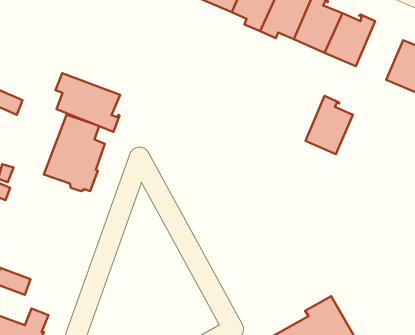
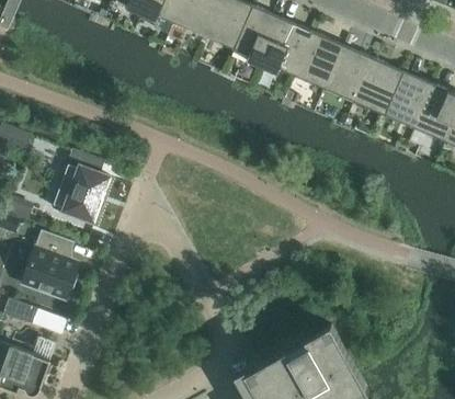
building: [56,73,120,132] -> none
building: [305,96,353,154] -> [354,57,400,114]
building: none -> [22,229,78,298]

